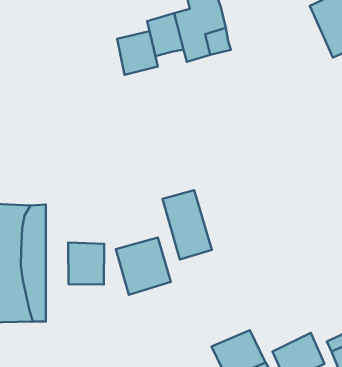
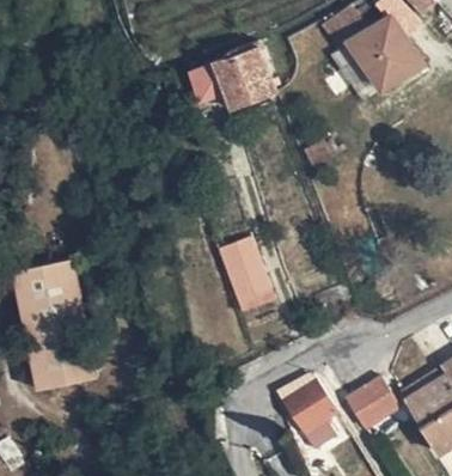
building: [117,31,158,75] -> none
building: [116,238,171,295] -> none
building: [68,243,104,284] -> none

